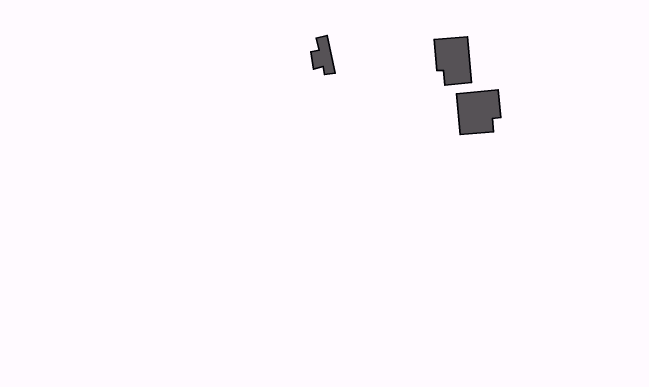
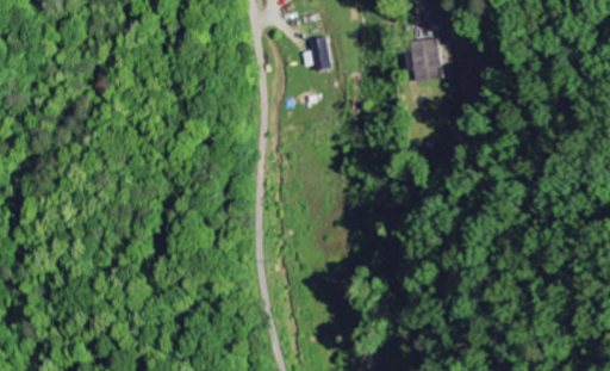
building: [456,90,501,135] -> none

